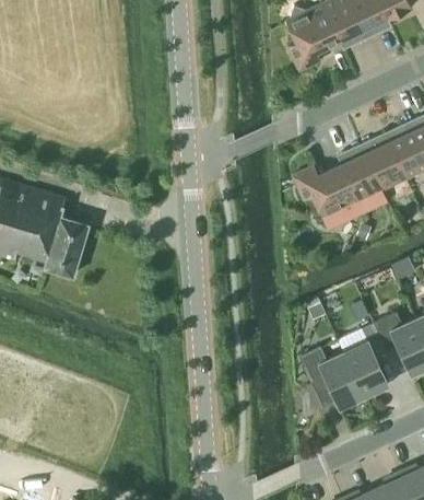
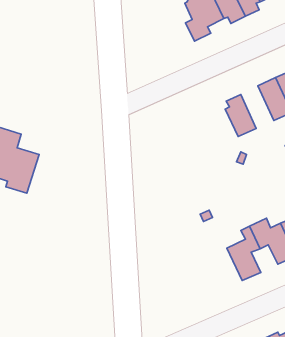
building: [362,132,407,190] -> none
building: [293,164,358,221] -> none
building: [301,348,364,408] -> none

